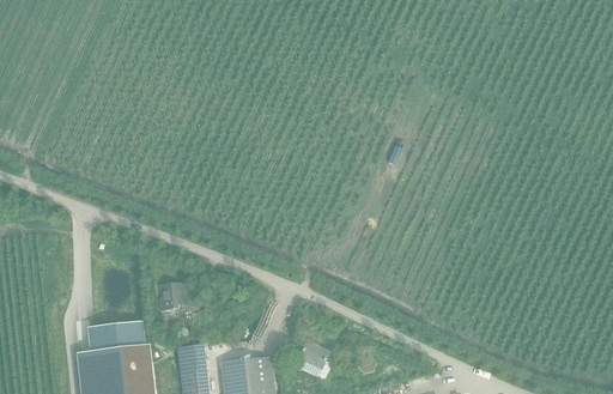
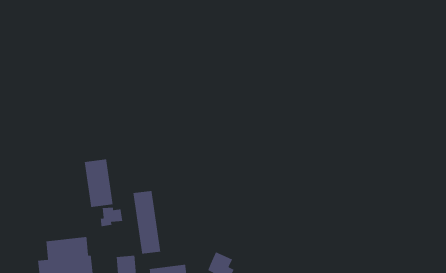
building: none -> [84,158,113,208]
building: none -> [133,190,161,255]

